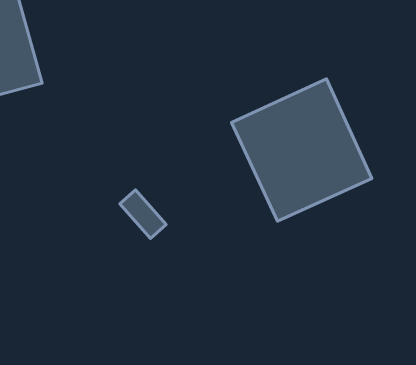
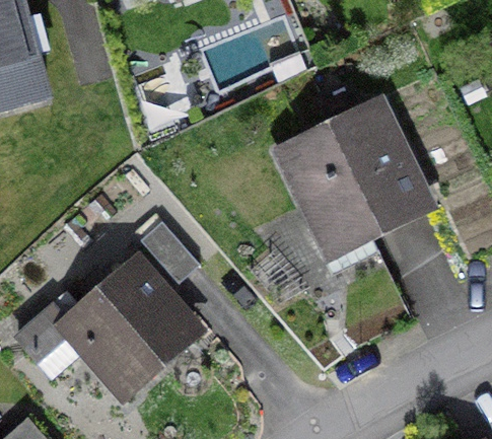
building: none -> [49,249,205,405]

